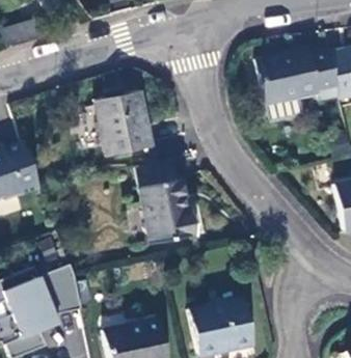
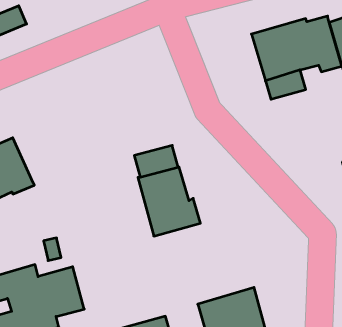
building: [96,91,151,156] -> none

